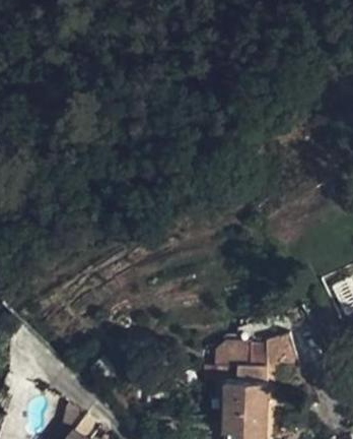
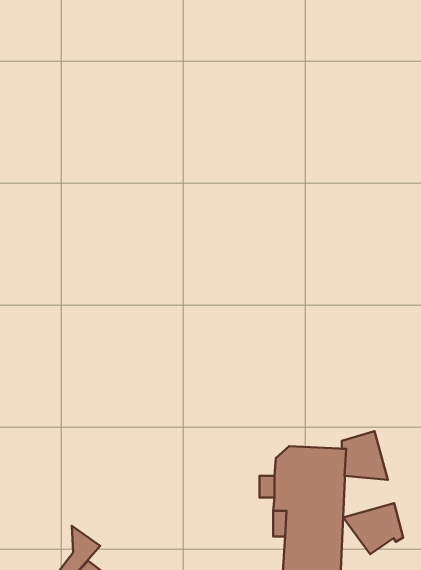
building: none -> [343,503,403,554]

